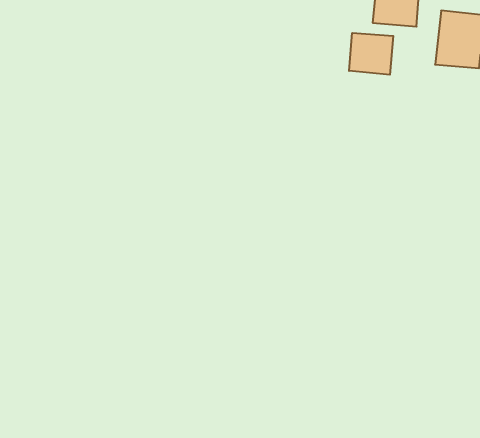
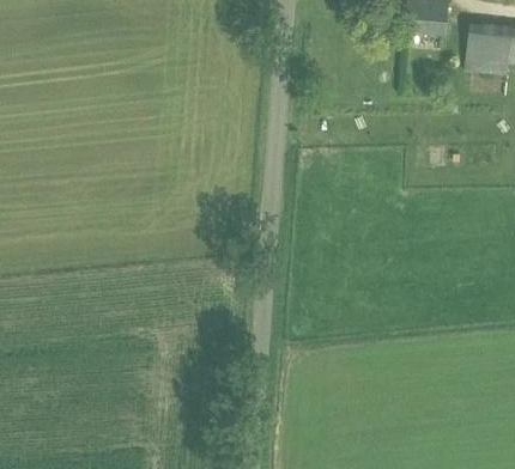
building: [349,33,393,75] -> none

